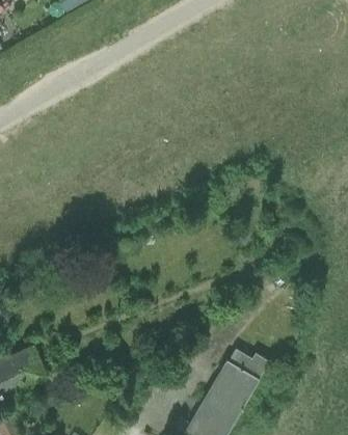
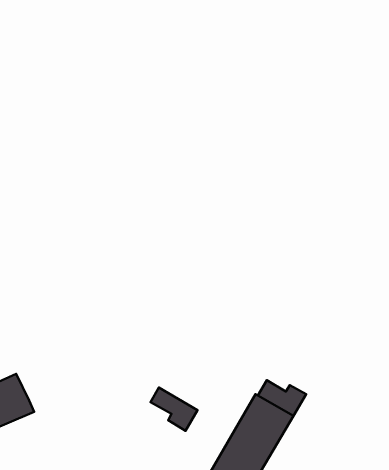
building: none -> [150,387,197,431]

